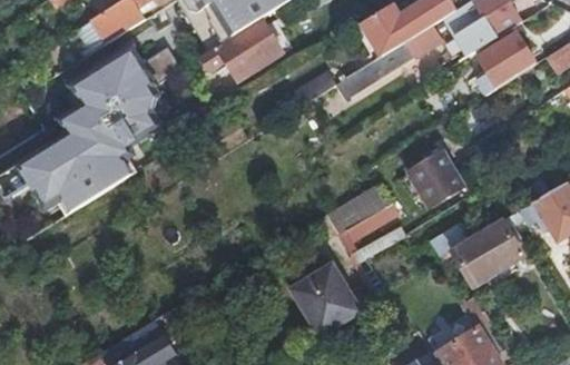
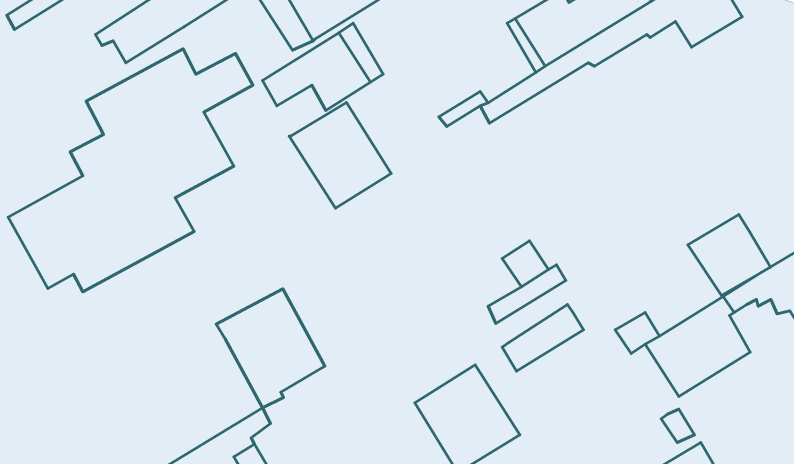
building: [479,29,537,89] -> none
building: none -> [289,103,391,208]
building: [406,145,464,201] -> [688,215,771,296]
building: none -> [216,289,325,408]

